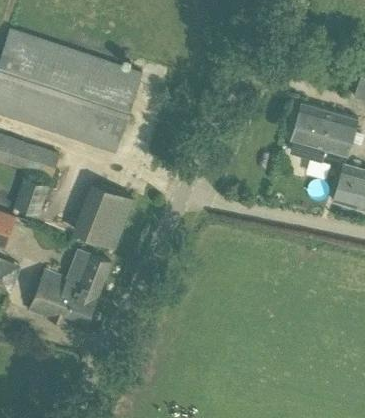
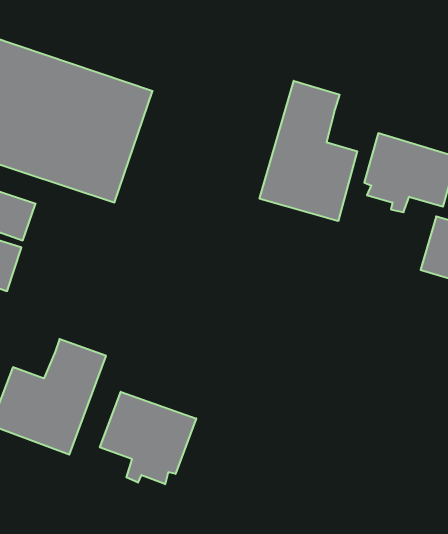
building: none -> [260,81,357,221]
building: [76,183,133,247] -> none
building: none -> [100,392,196,484]

